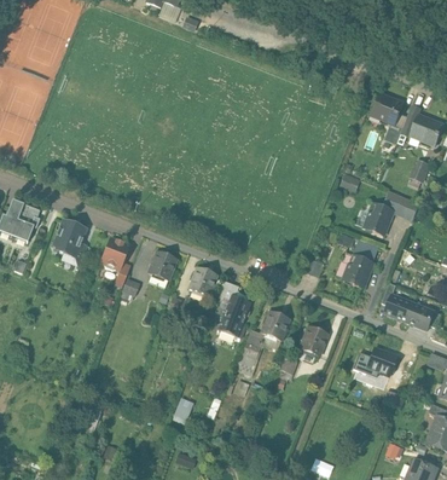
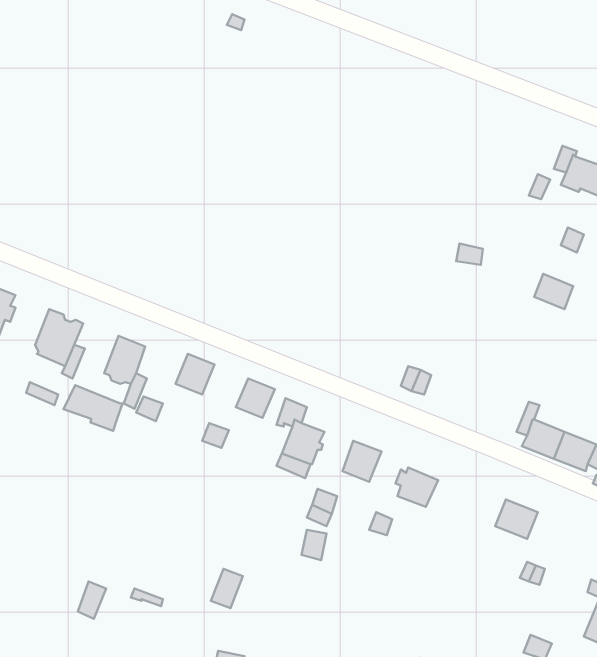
building: [370,93,405,125] -> none
building: [362,202,393,235] -> none
building: [342,254,372,287] -> none
building: none -> [63,385,122,431]

